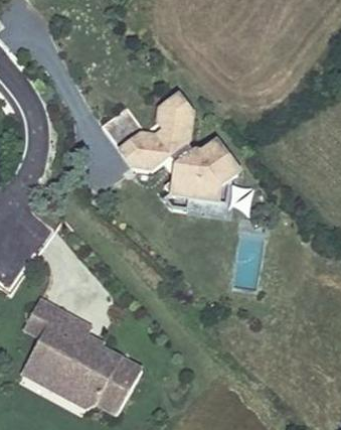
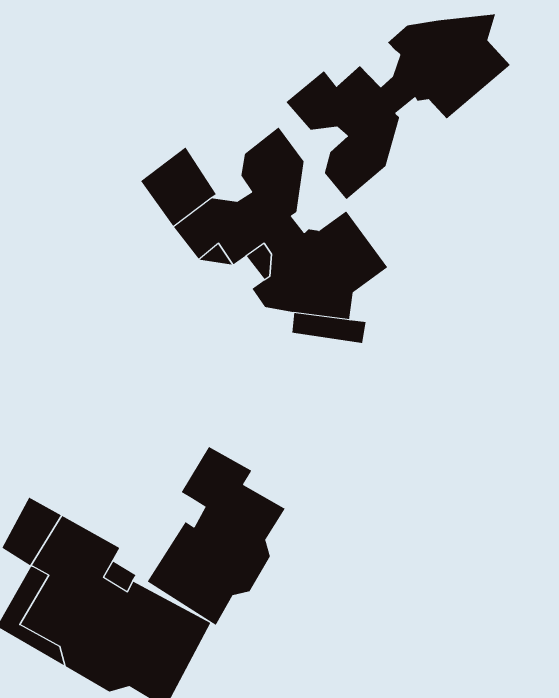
building: none -> [285,13,511,200]
building: none -> [147,446,285,626]

